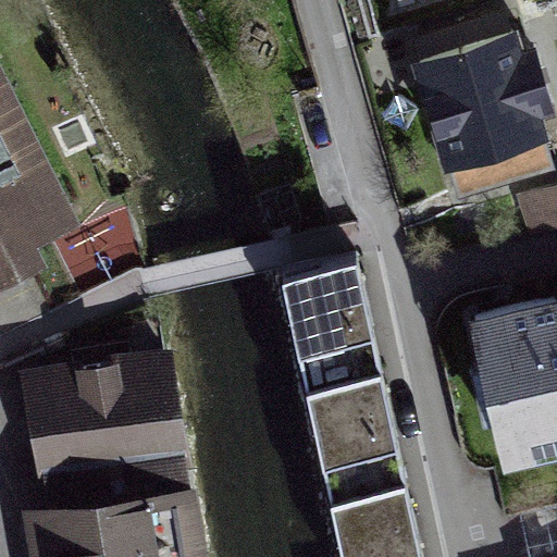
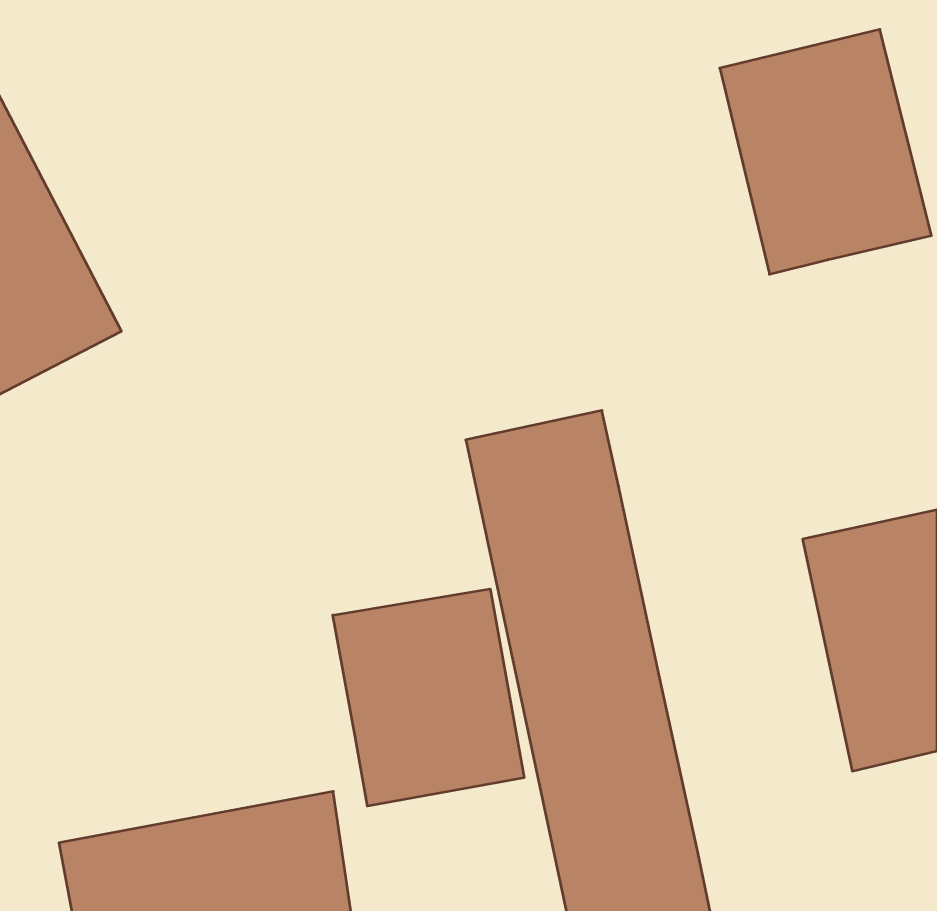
building: [26,354,190,492] -> none
building: none -> [333,589,524,806]

